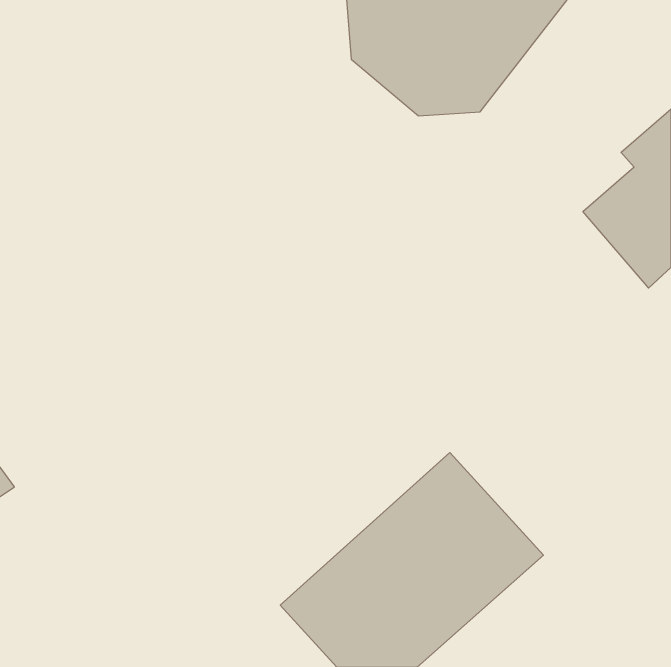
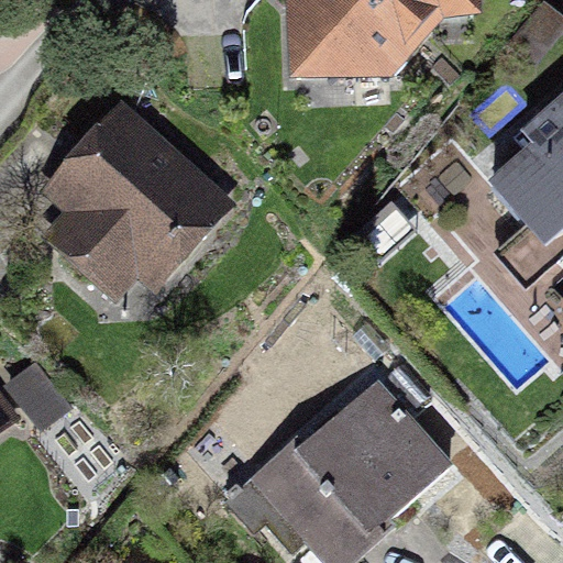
building: none -> [43,101,227,306]

